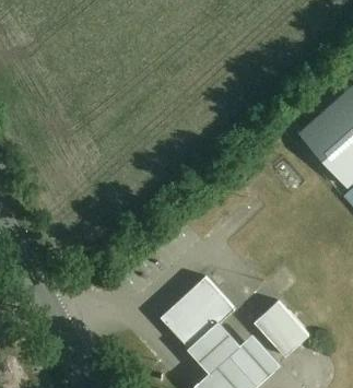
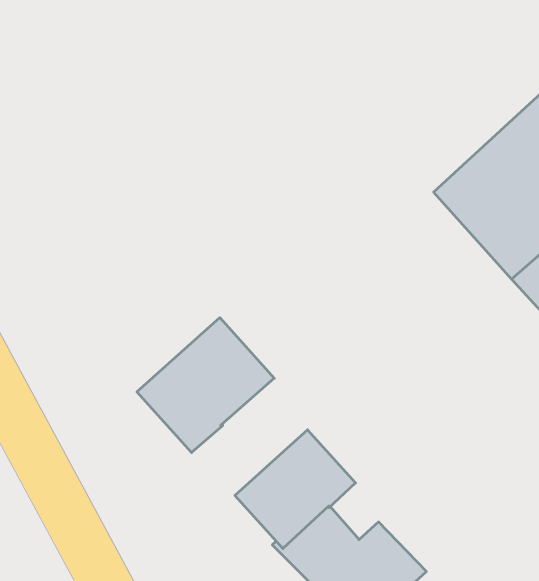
building: none -> [137,318,274,453]
building: [258,302,313,357] -> none

